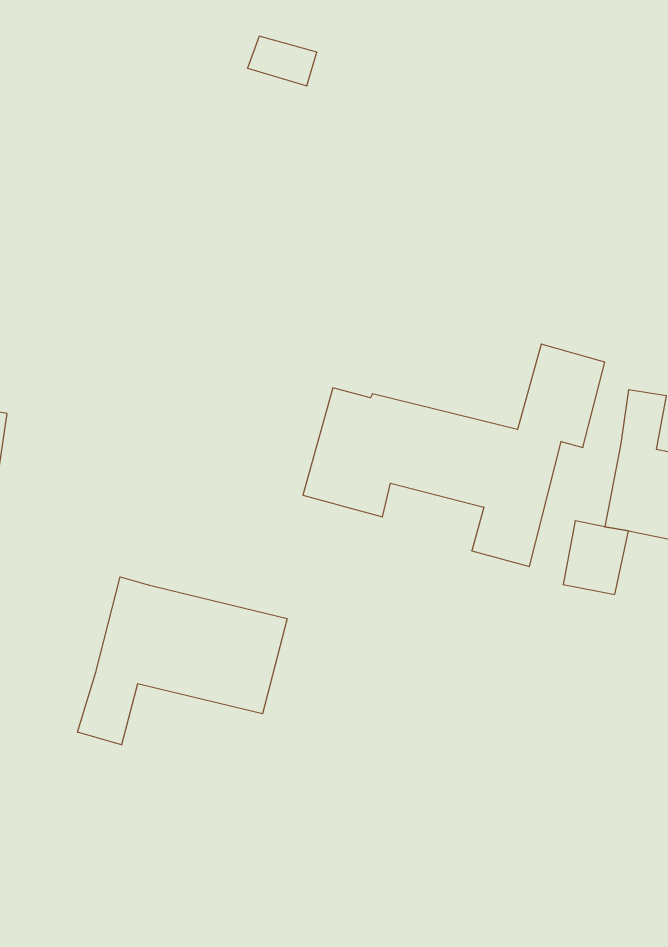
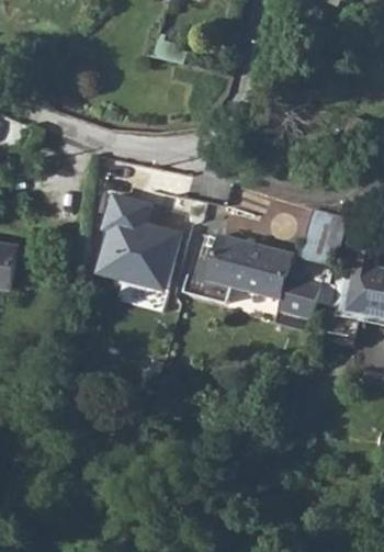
building: none -> [97,192,184,296]
building: [78,577,287,745] -> none

